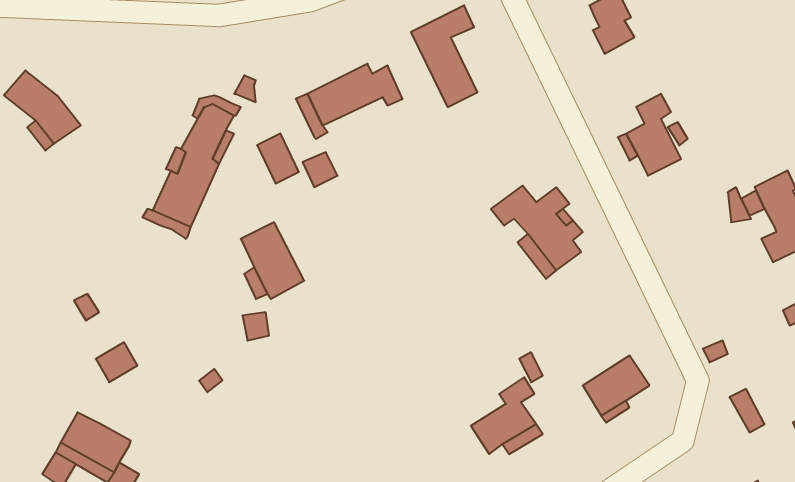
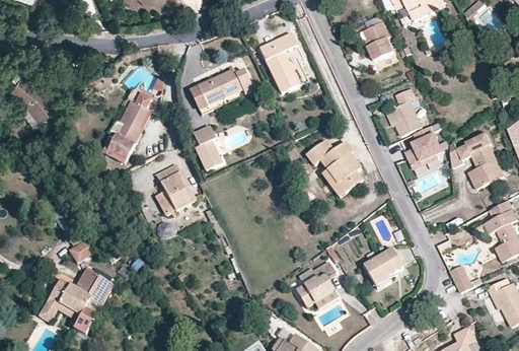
building: [257,134,299,184] -> [196,139,221,169]
building: none -> [409,127,440,167]
building: none -> [70,269,110,306]

